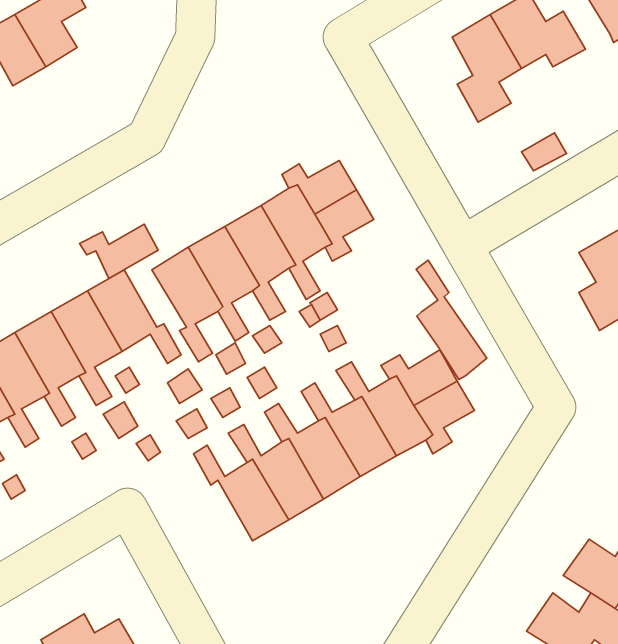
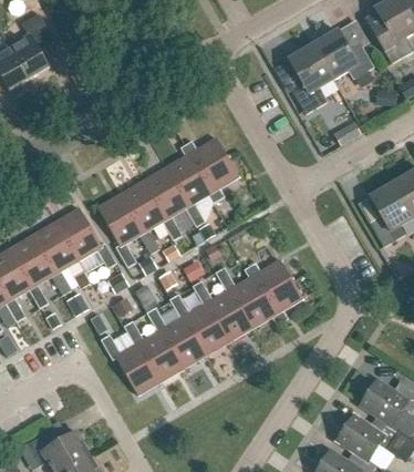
building: [79,224,158,279] -> none
building: [416,260,487,379] -> none
building: none -> [101,334,162,393]

